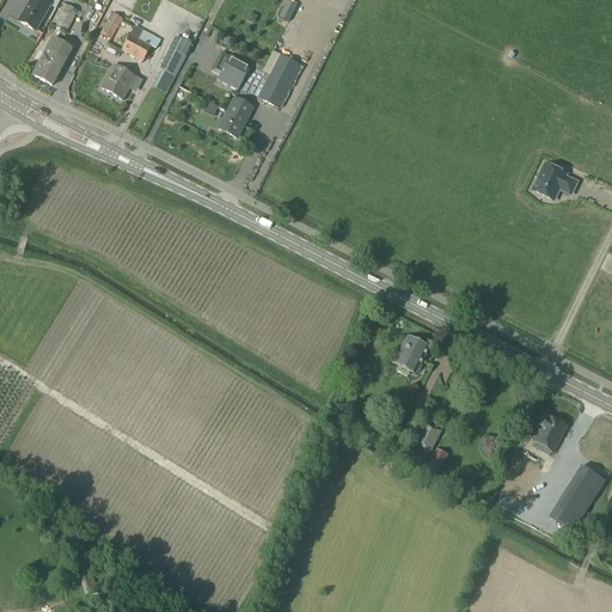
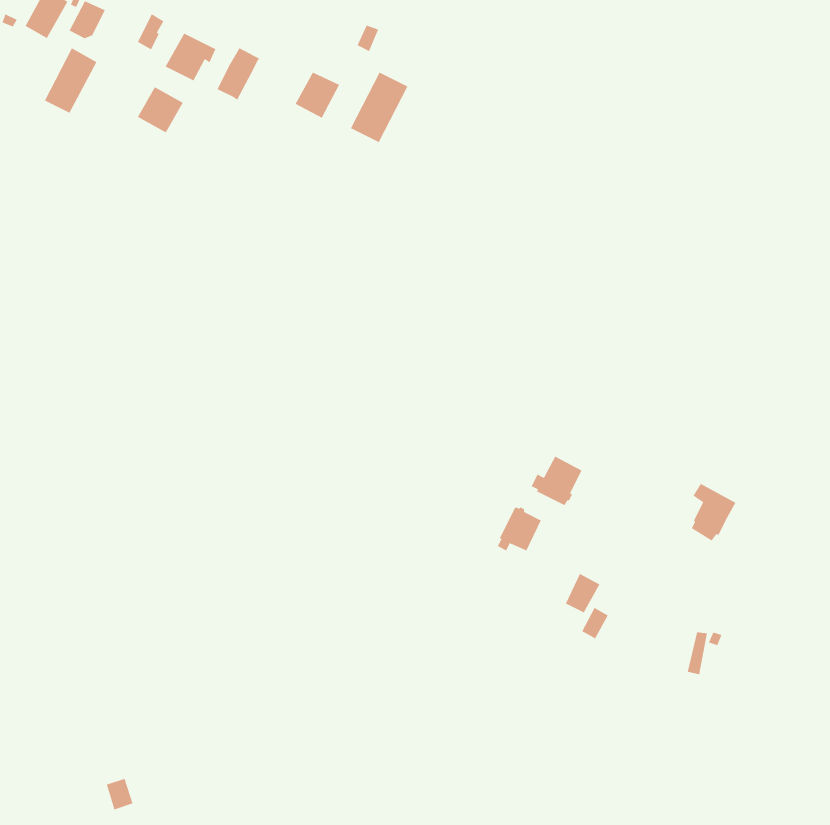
building: [219,96,252,135] -> none
building: [532,160,580,200] -> none
building: none -> [497,507,542,552]
building: [533,410,567,453] -> [691,483,736,541]
building: [550,464,606,530] -> none

